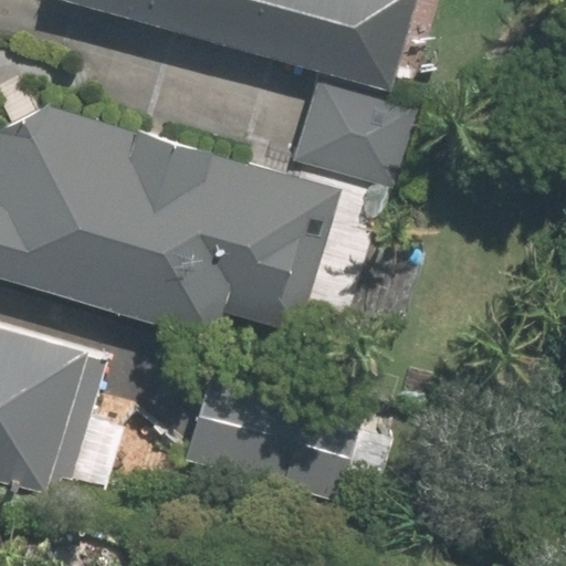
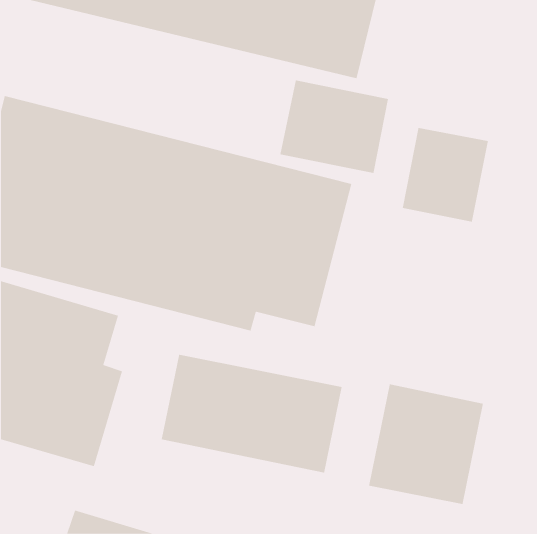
building: none -> [402,127,489,223]
building: none -> [369,383,484,505]

